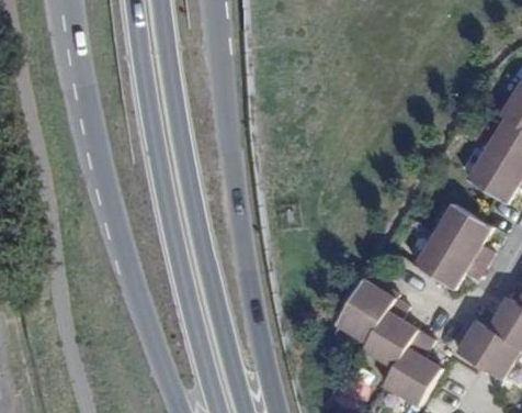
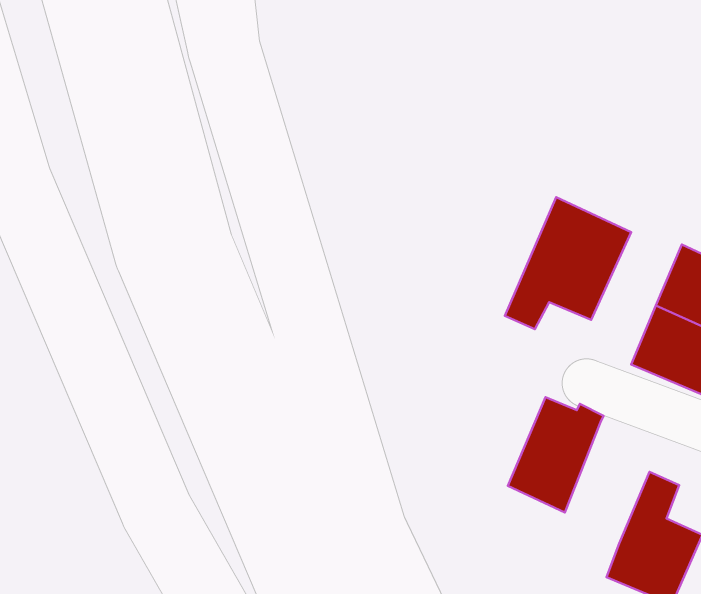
building: none -> [505,197,631,329]
building: [362,297,416,366] -> none

